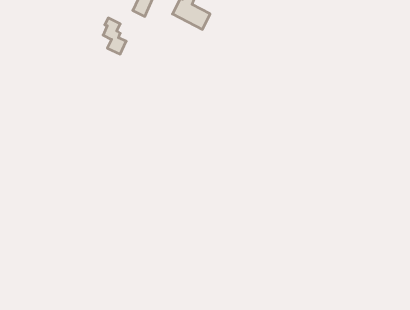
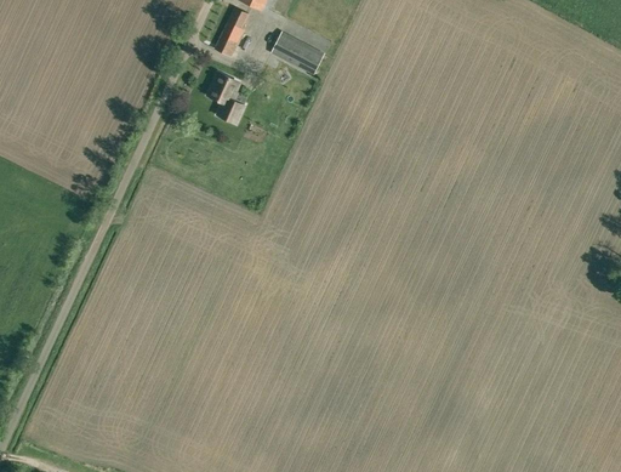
building: [103,18,126,54] -> [211,72,244,123]

